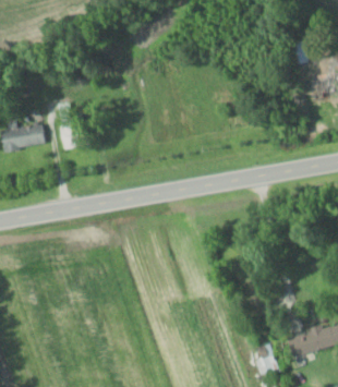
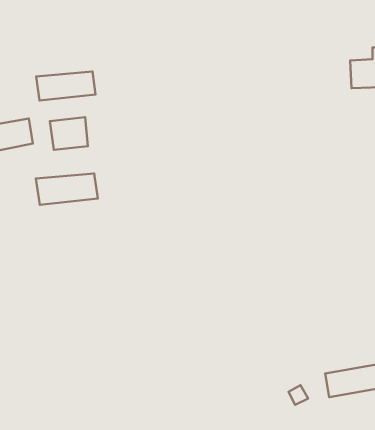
building: none -> [36,71,96,101]
building: none -> [36,173,98,205]

